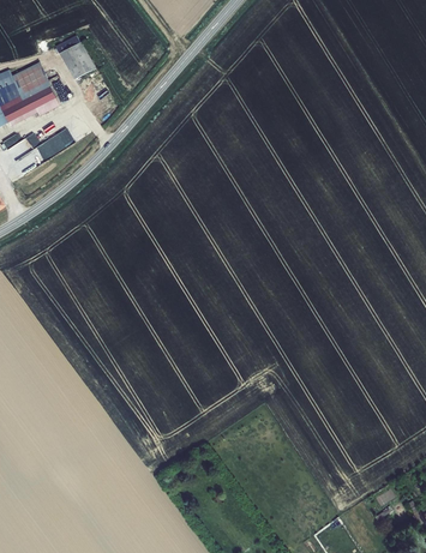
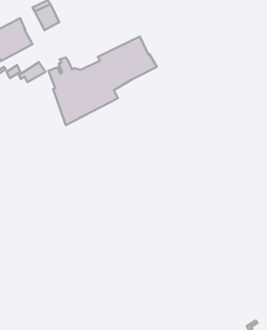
building: none -> [48,36,157,125]

